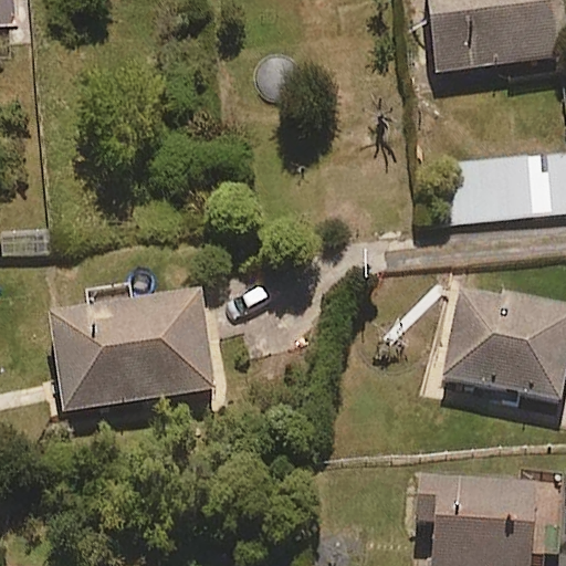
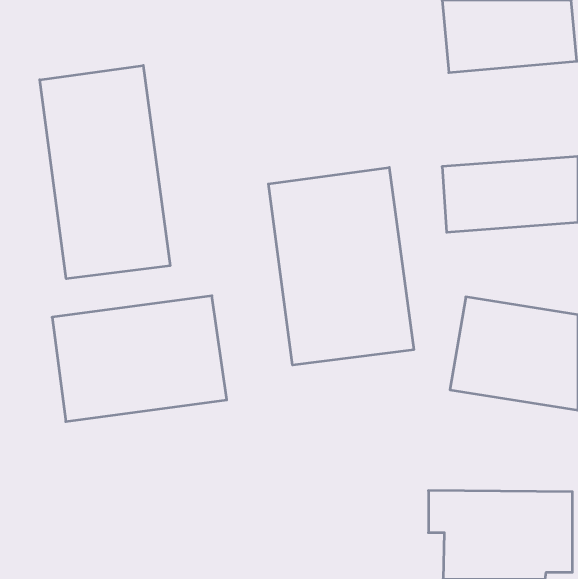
building: none -> [40,65,170,279]
building: none -> [268,167,414,365]

